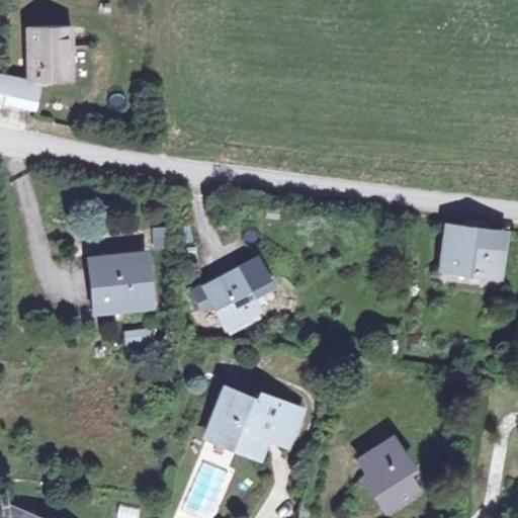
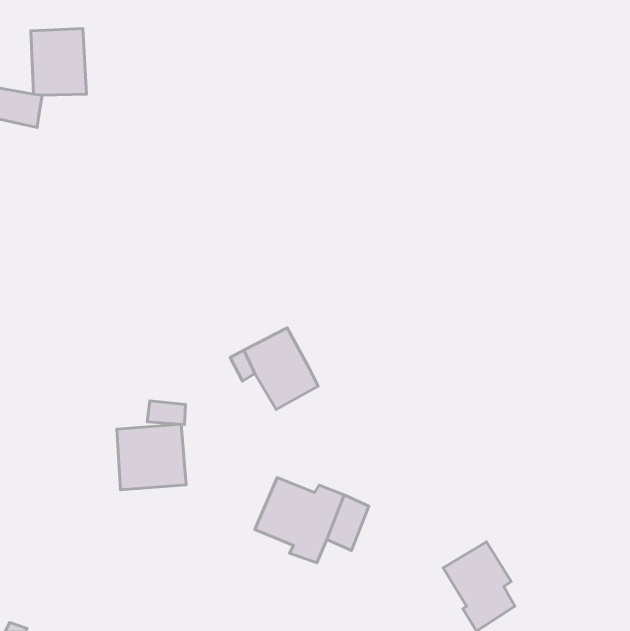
building: [446,224,500,272] -> none
building: [95,255,152,309] -> [117,424,186,490]
building: [235,258,273,303] -> none

